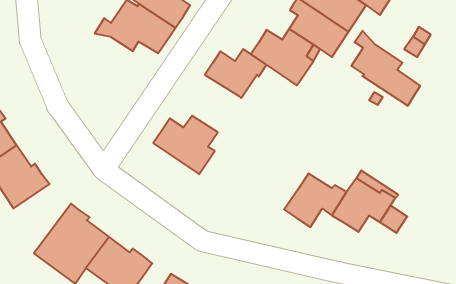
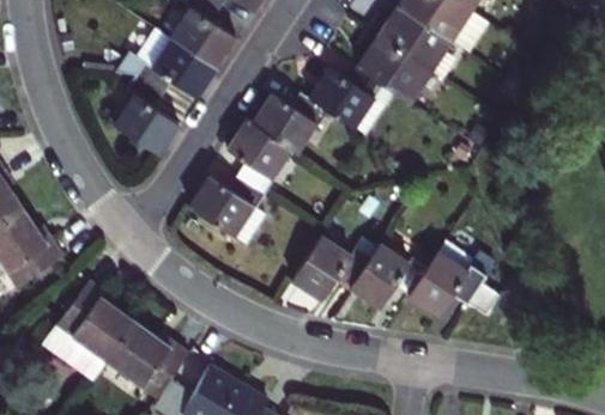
building: [351,31,420,106] -> none
building: none -> [114,77,179,153]
building: none -> [229,120,296,194]
building: none -> [291,237,369,303]

